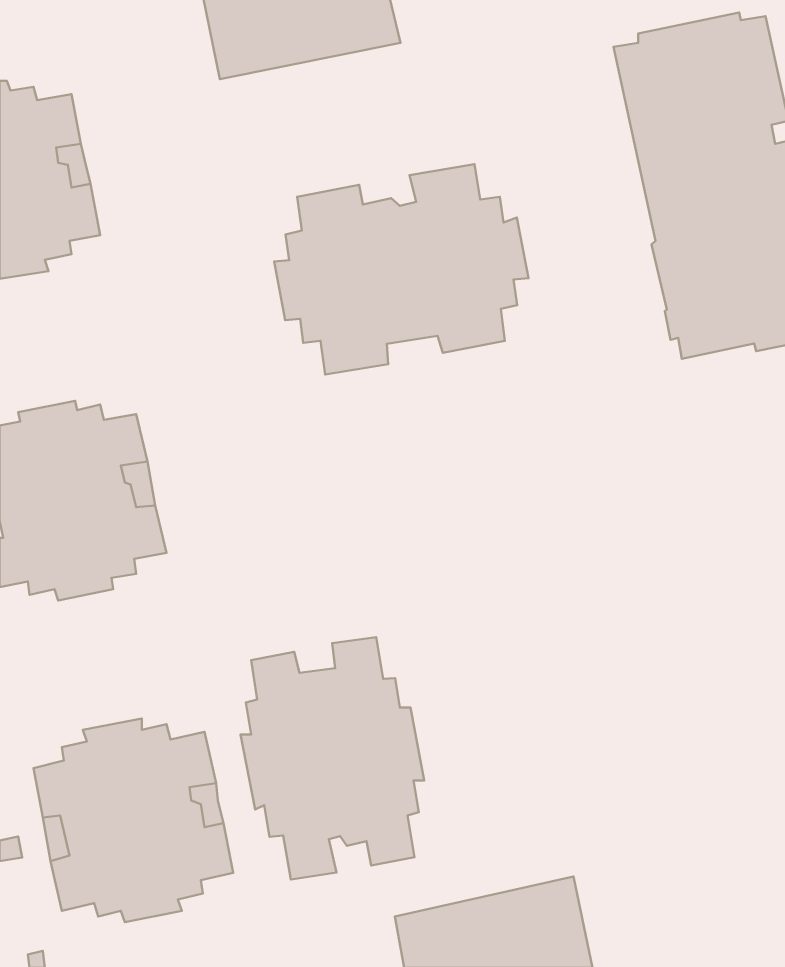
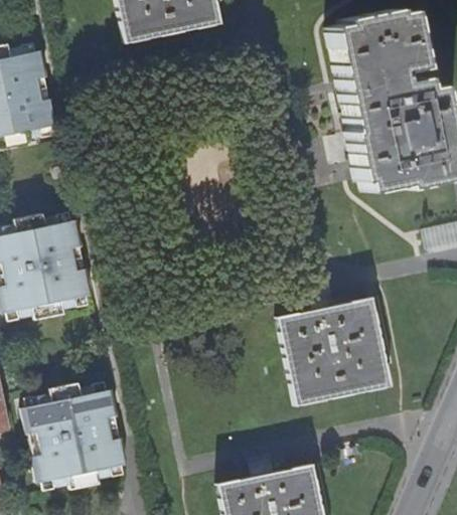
building: [274,164,529,375] -> none
building: none -> [277,298,392,406]
building: [241,637,424,879] -> none

